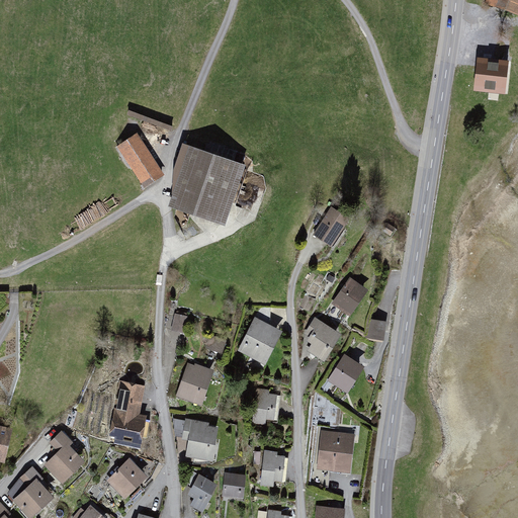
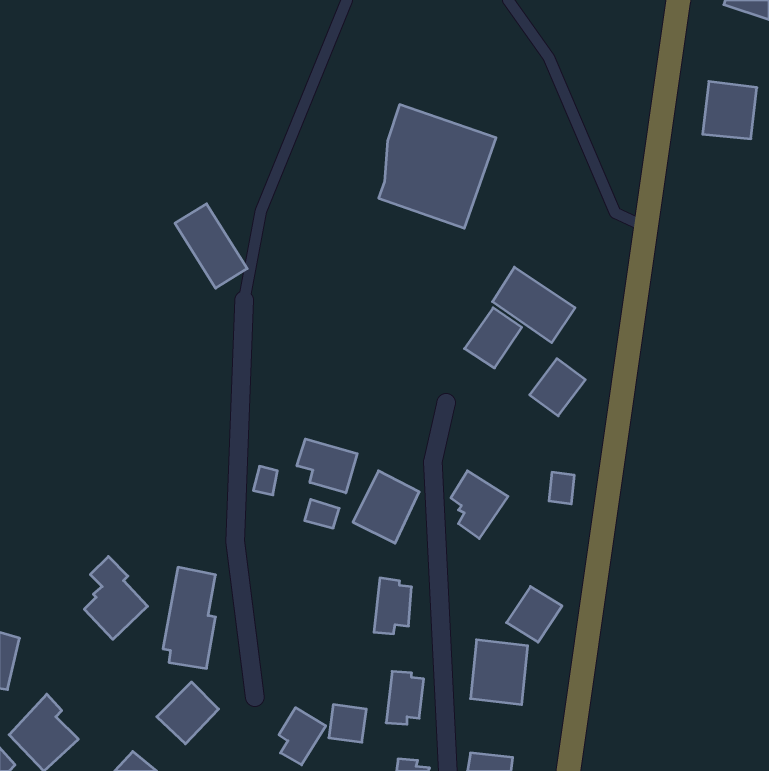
building: [170,150,249,233] -> [379,105,496,228]
building: none -> [492,267,575,343]
building: [331,277,368,316] -> [530,359,585,416]
building: none -> [297,439,357,493]
building: [326,354,363,392] -> [506,586,562,642]
building: [175,360,213,405] -> none
building: [180,418,218,461] -> none
building: [45,430,87,486] -> [84,556,148,639]

